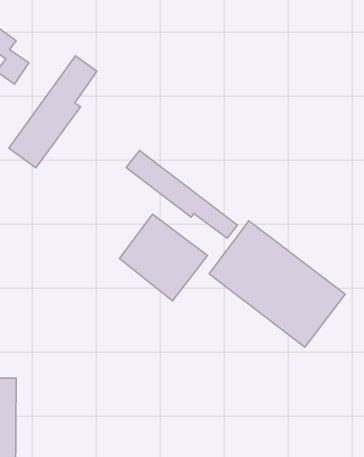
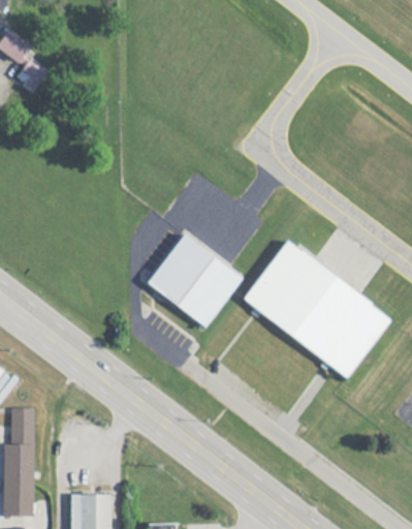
building: [9,56,97,168] -> none
building: [126,151,237,238] -> none

